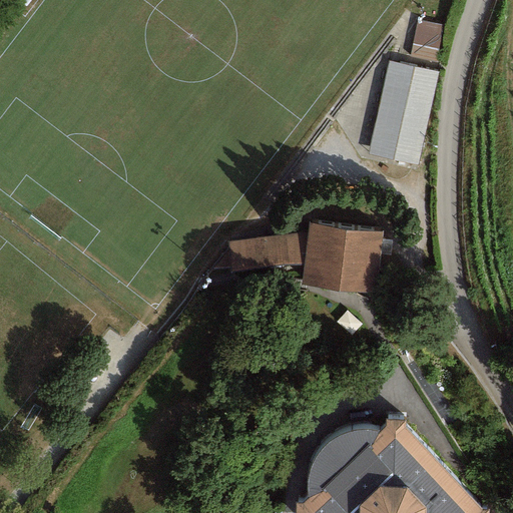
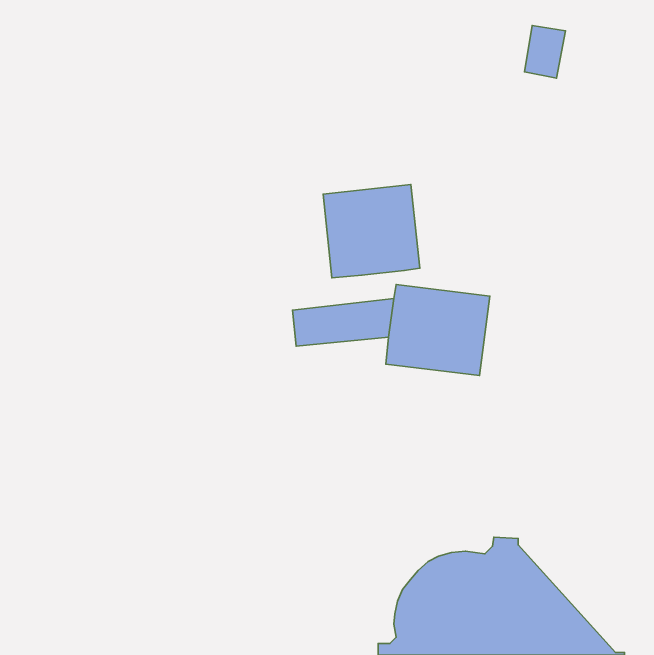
building: [369,64,437,165] -> none
building: none -> [323,184,420,278]

